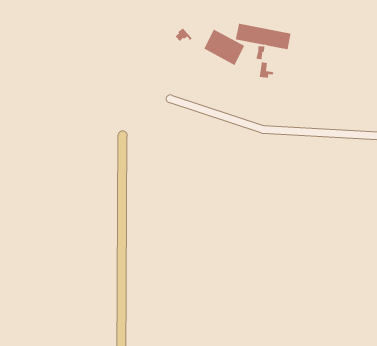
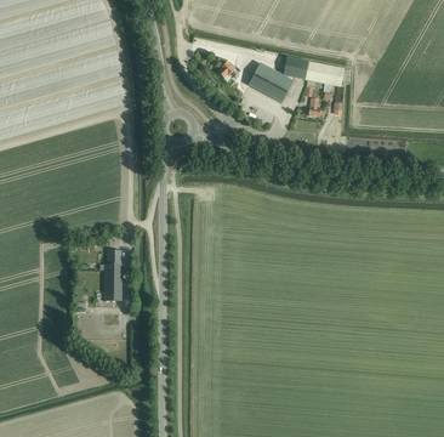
building: none -> [104,251,121,302]

